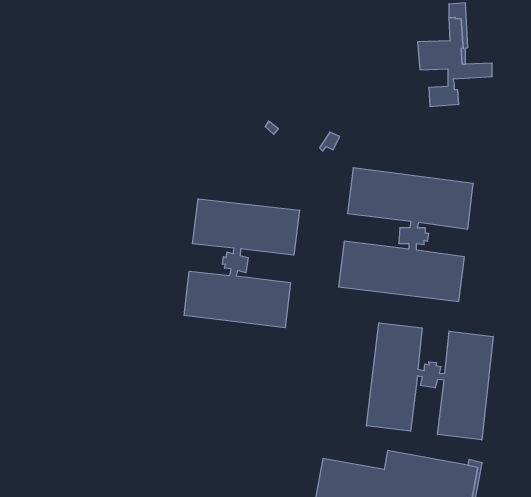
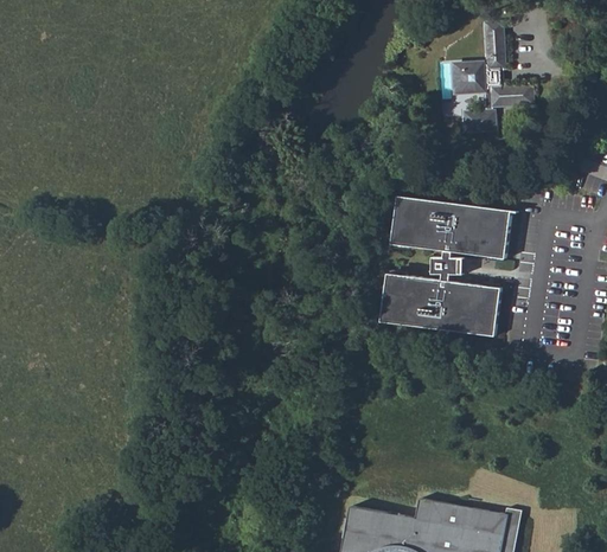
building: [184,199,299,328] -> none
building: [366,323,493,440] -> none

